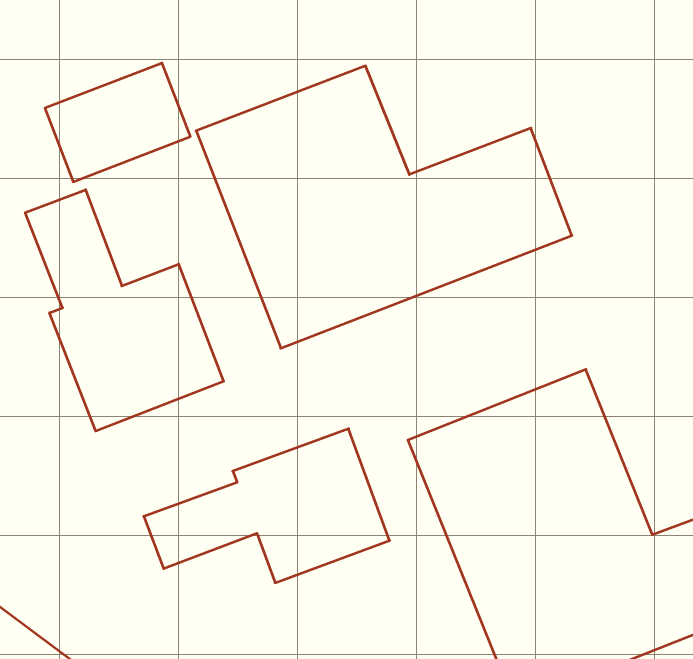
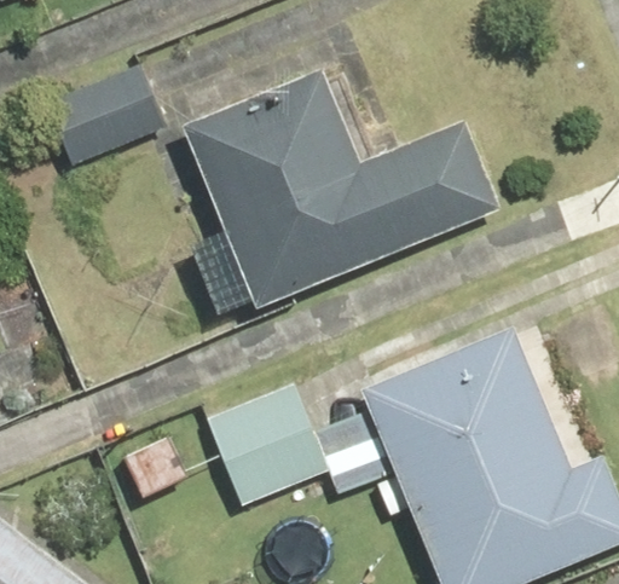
building: [25,190,224,431] -> none

